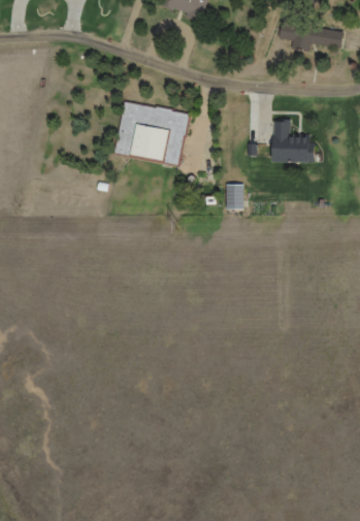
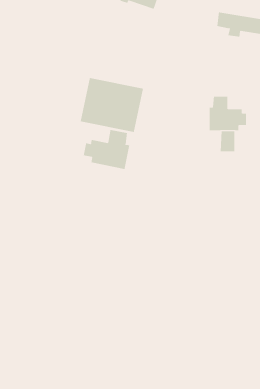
building: none -> [83,129,130,170]
building: [224,184,242,209] -> [220,131,235,152]

